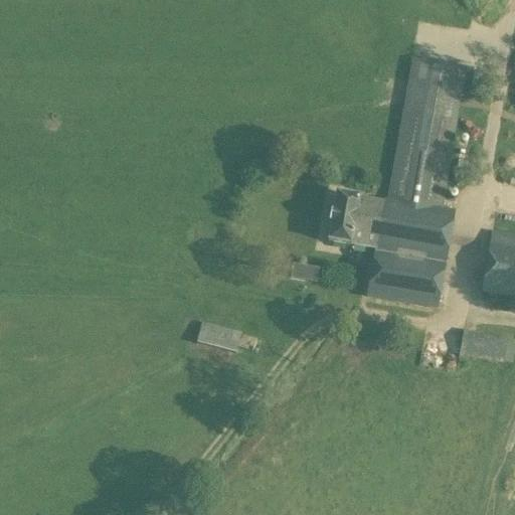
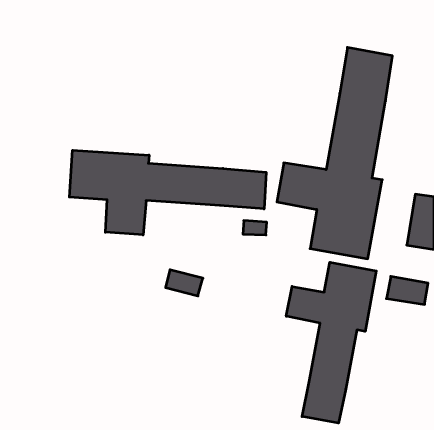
building: none -> [69,150,266,235]
building: none -> [286,262,376,423]

